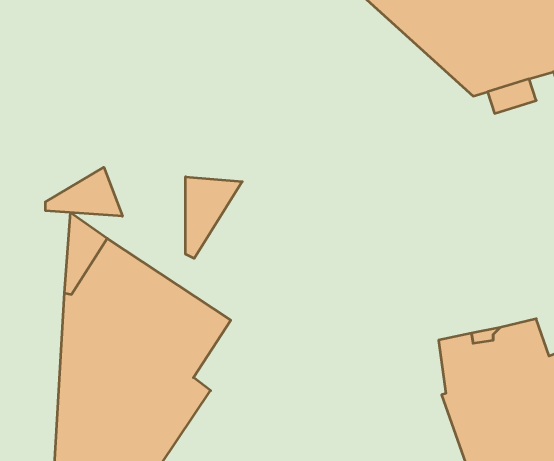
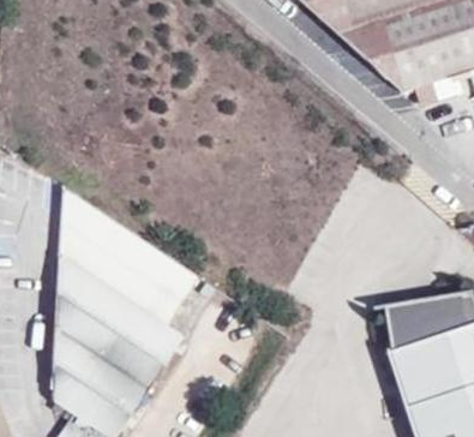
building: [45,167,122,216] -> none
building: [186,177,242,258] -> none

